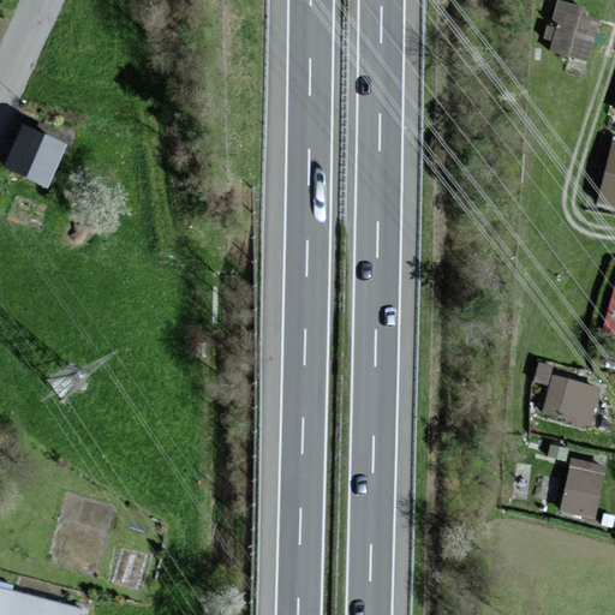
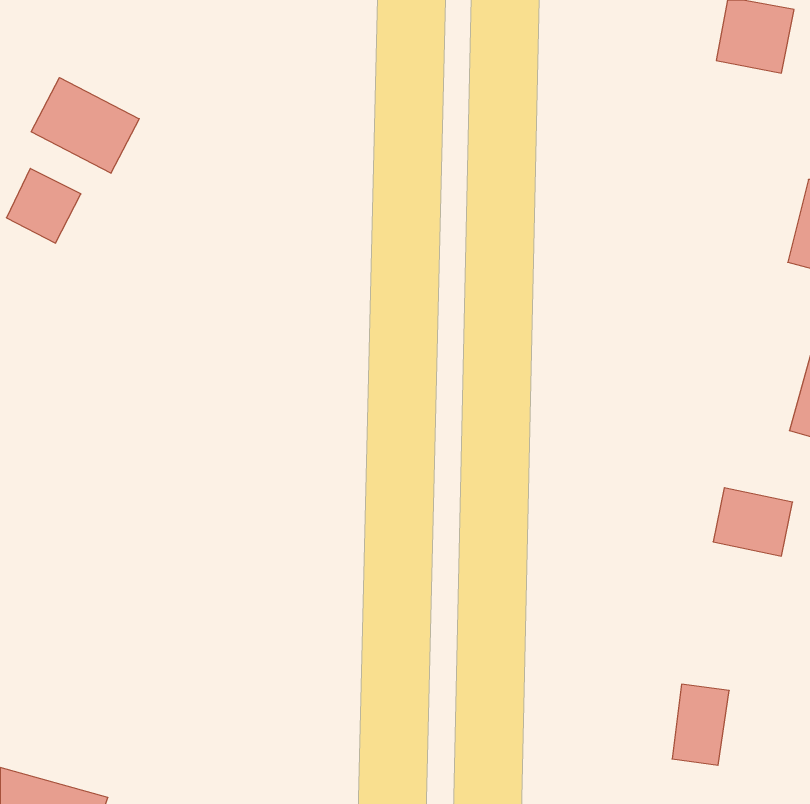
building: none -> [31,78,139,173]
building: [561,458,604,519] -> [672,684,729,765]

